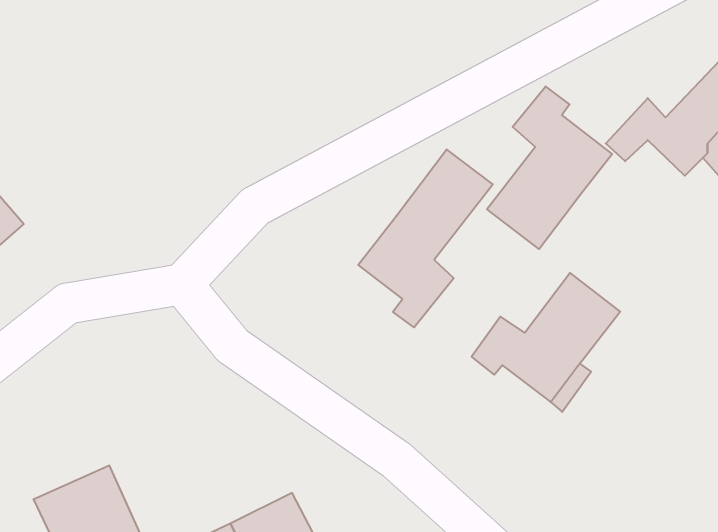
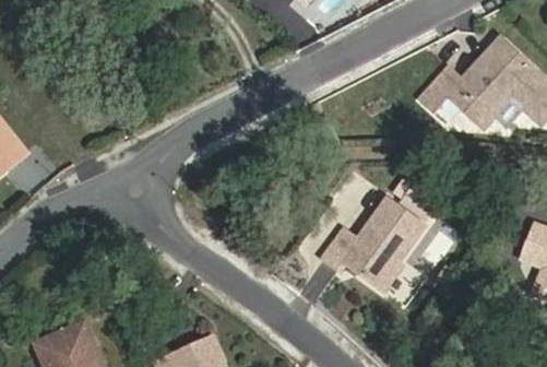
building: [487,86,612,249] -> none
building: [358,149,493,327] -> none

